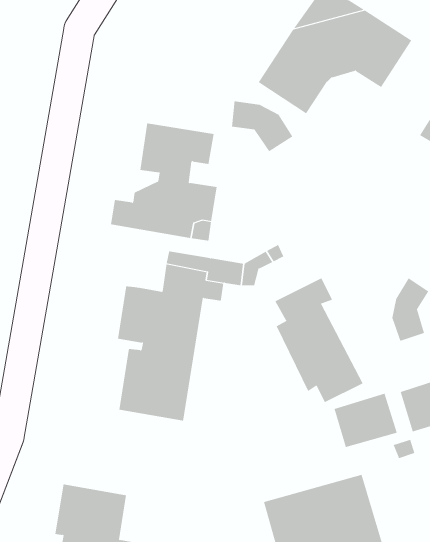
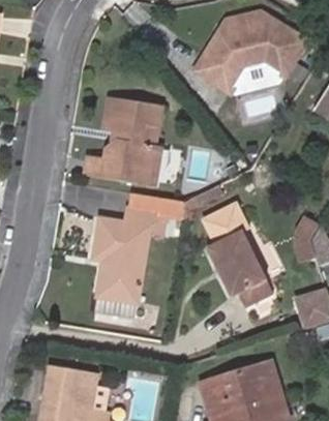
building: [232,101,293,152] -> none
building: [334,393,397,448] -> none

